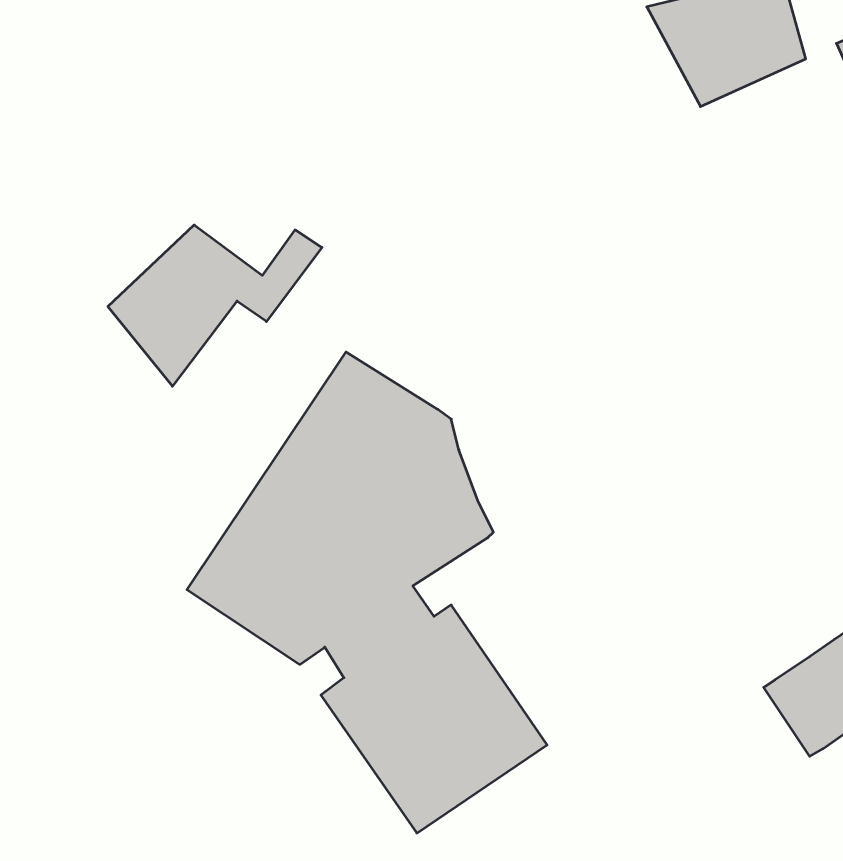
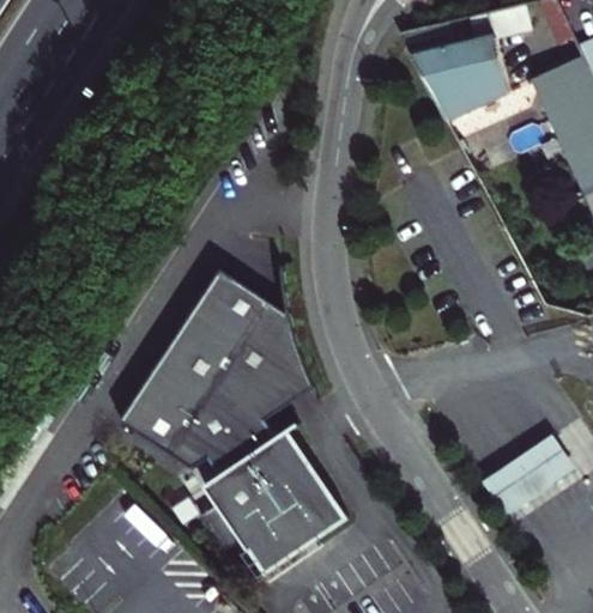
building: [108,225,322,386] -> none

